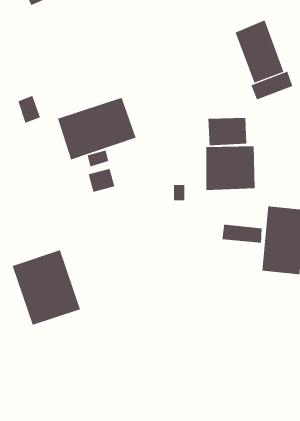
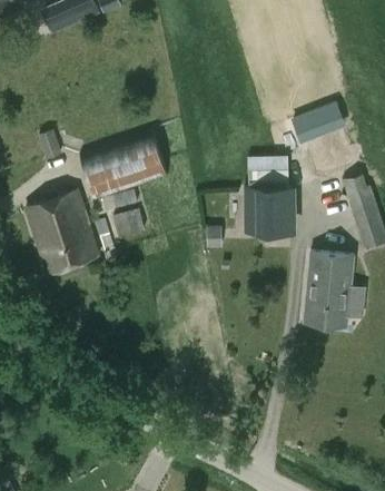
building: [235,20,284,84] -> none
building: [222,224,262,244] -> none
building: [12,249,81,326] -> [24,190,100,274]

